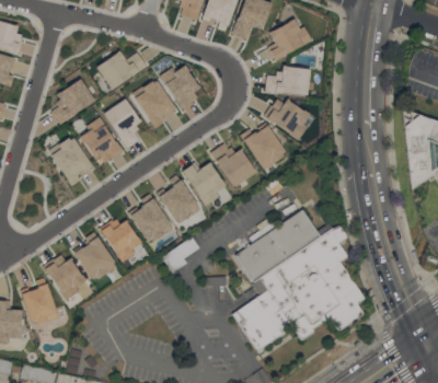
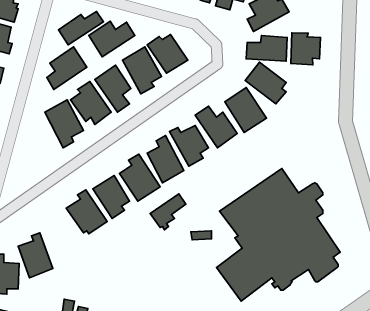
building: none -> [59,11,103,45]
building: none -> [291,33,321,65]
building: [43,252,83,301] -> none

